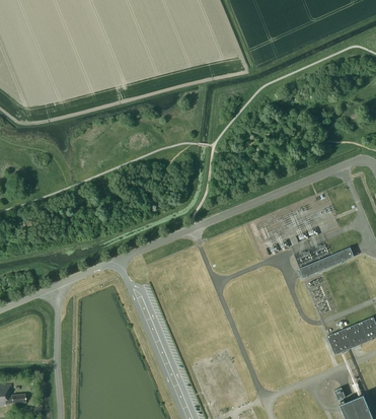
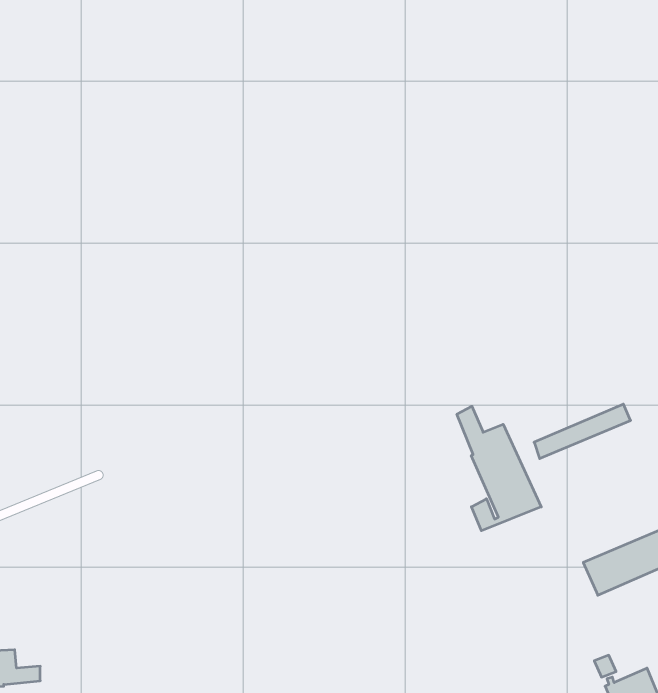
building: none -> [457,406,541,531]

